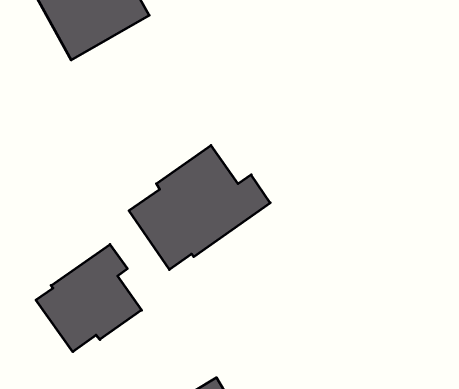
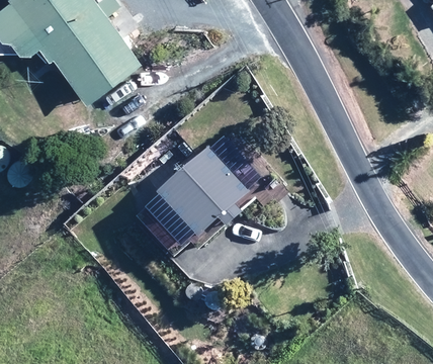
building: [36,244,142,352] -> none

